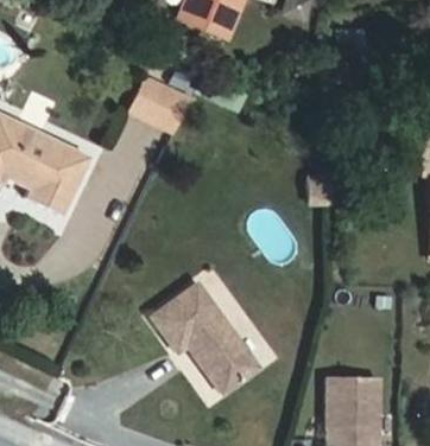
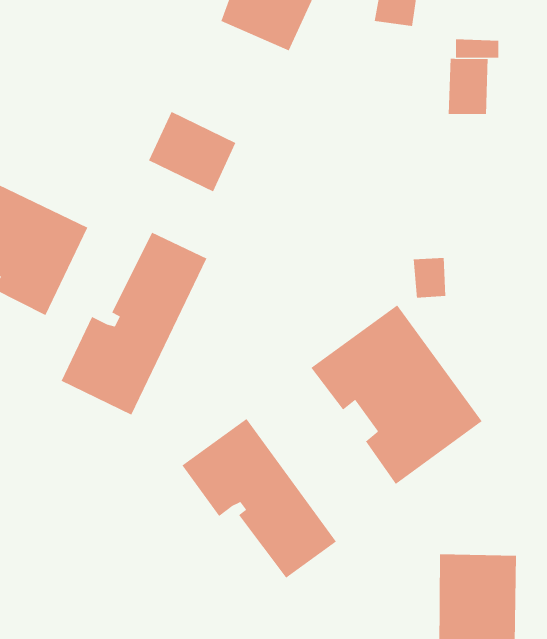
building: none -> [61,232,207,415]
building: none -> [310,304,483,485]

